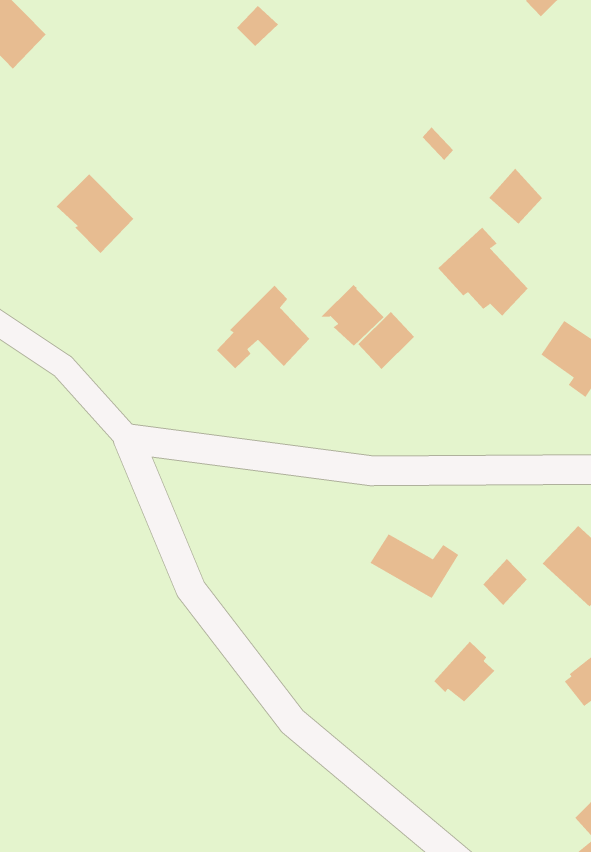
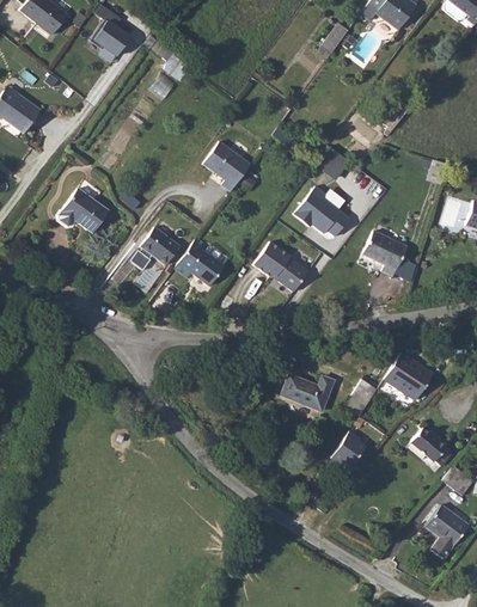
building: none -> [204,142,251,191]
building: none -> [140,227,181,266]
building: [320,284,385,347] -> [270,256,308,293]

